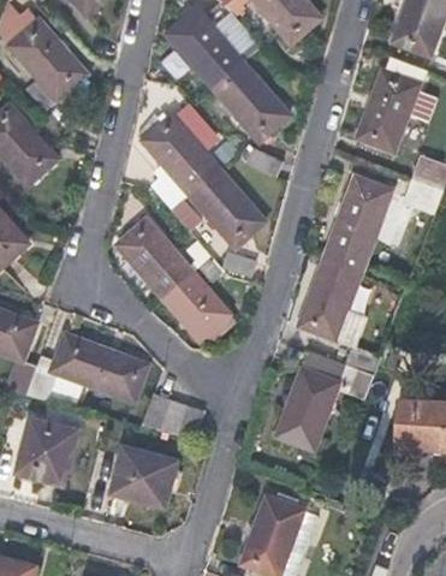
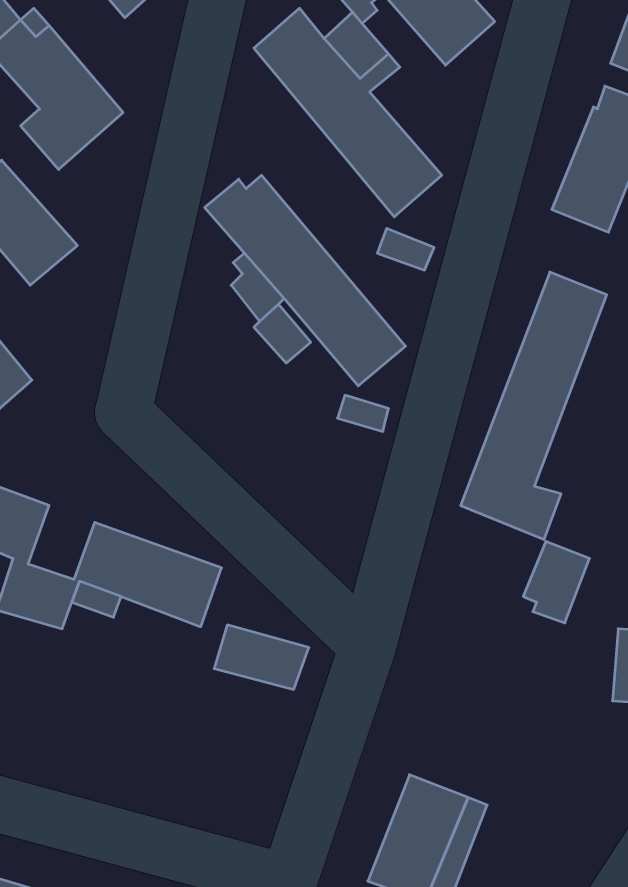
building: [117,218,227,338] -> none
building: [278,367,339,447] -> none
building: [18,418,78,485] -> none
building: [111,446,178,507] -> none

